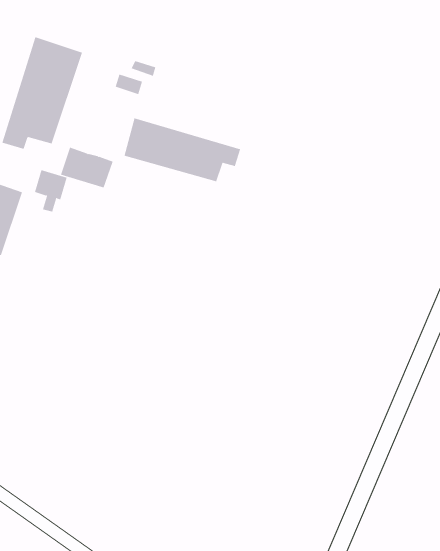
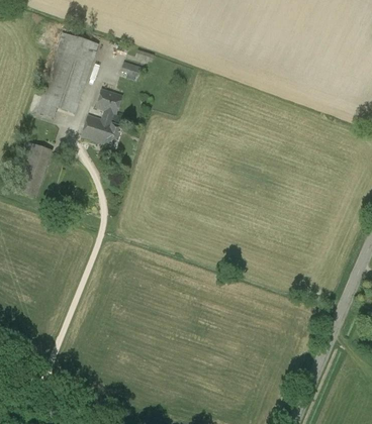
building: [124,118,241,182] -> none
building: [34,169,67,212] -> [96,90,121,122]

